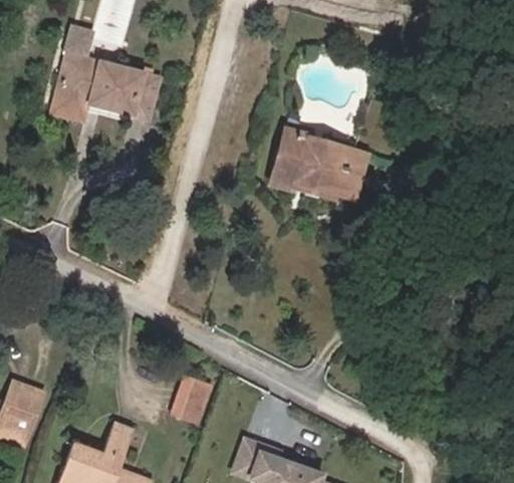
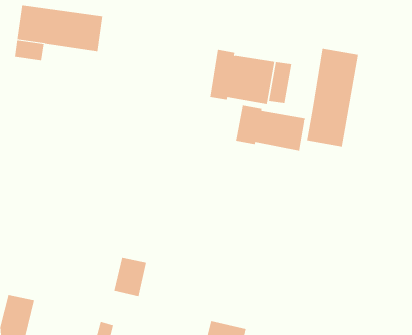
building: none -> [307,48,359,147]
building: none -> [235,105,305,151]
building: [172,376,213,423] -> [114,257,147,297]

